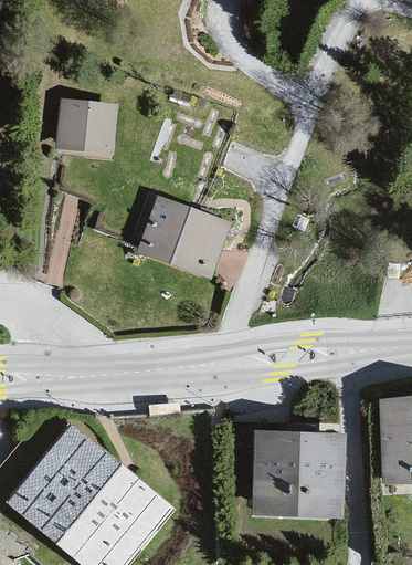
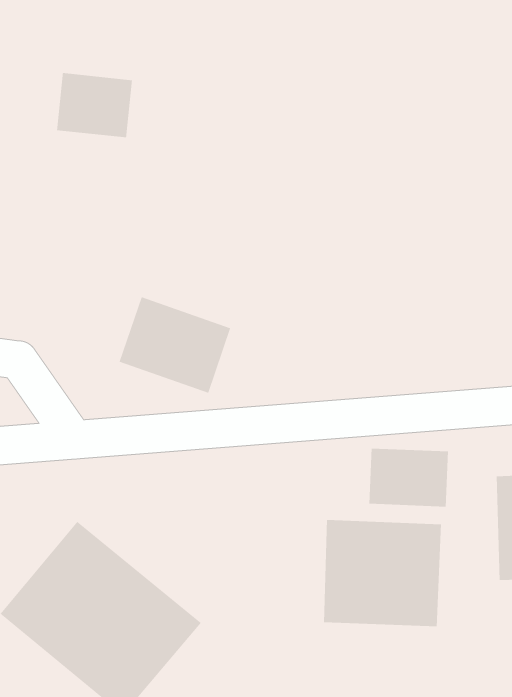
building: [142,201,225,273] -> [119,296,231,394]
building: none -> [368,448,449,507]

